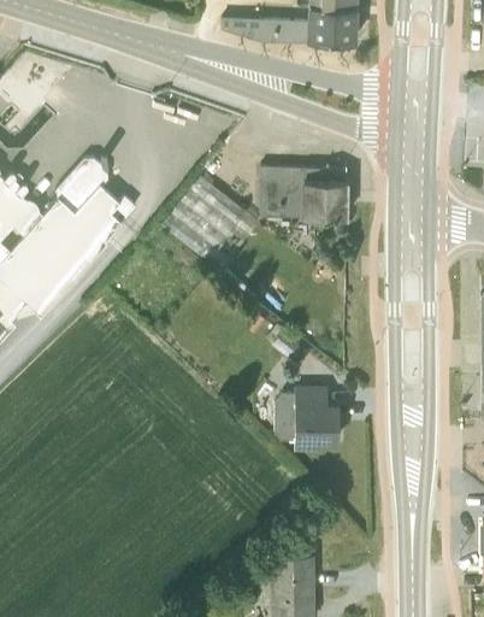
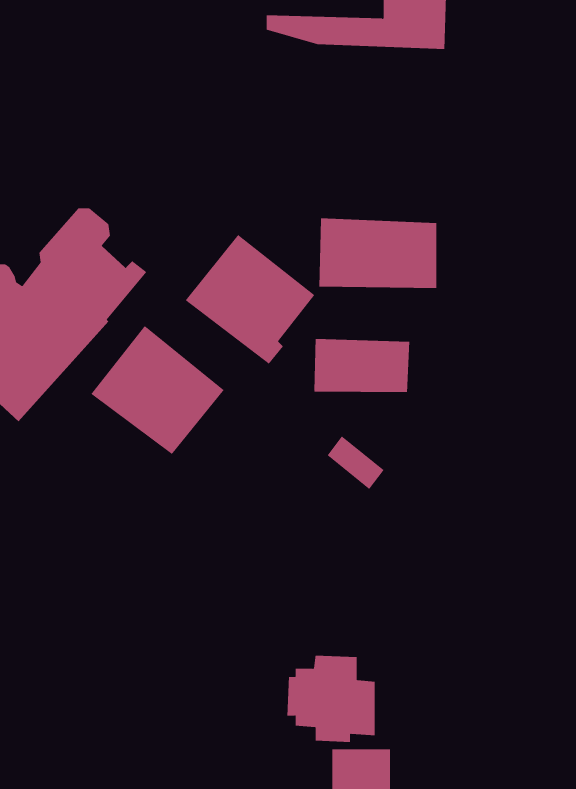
building: none -> [91,325,225,455]
building: none -> [314,338,410,393]
building: [273,386,338,449] -> [287,655,376,742]

